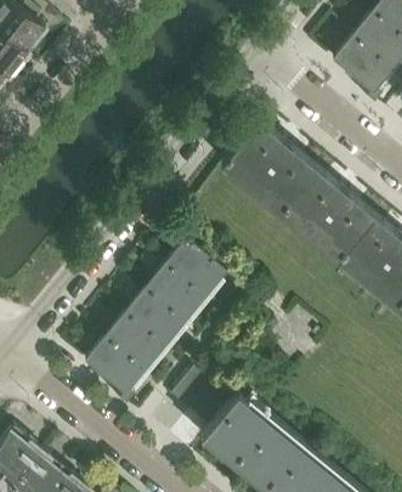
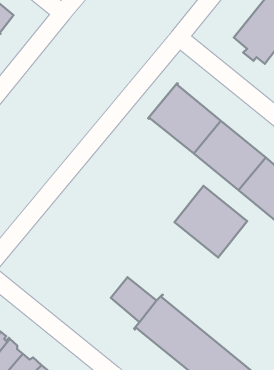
building: [85,237,227,394] -> none
building: none -> [175,186,247,258]

